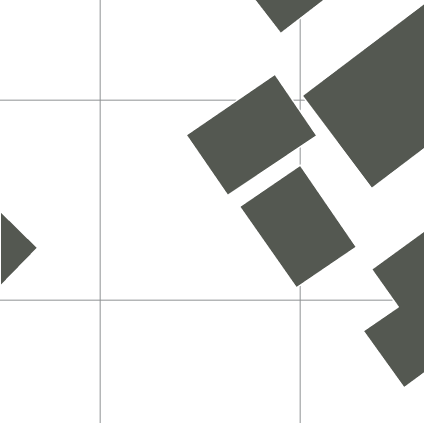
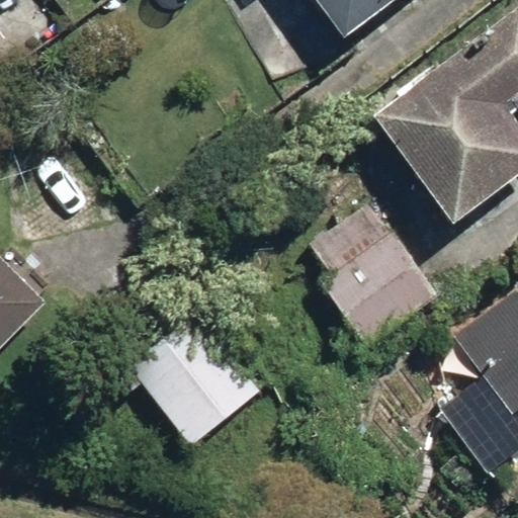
building: [186,74,317,195] -> none
building: none -> [128,310,266,447]

